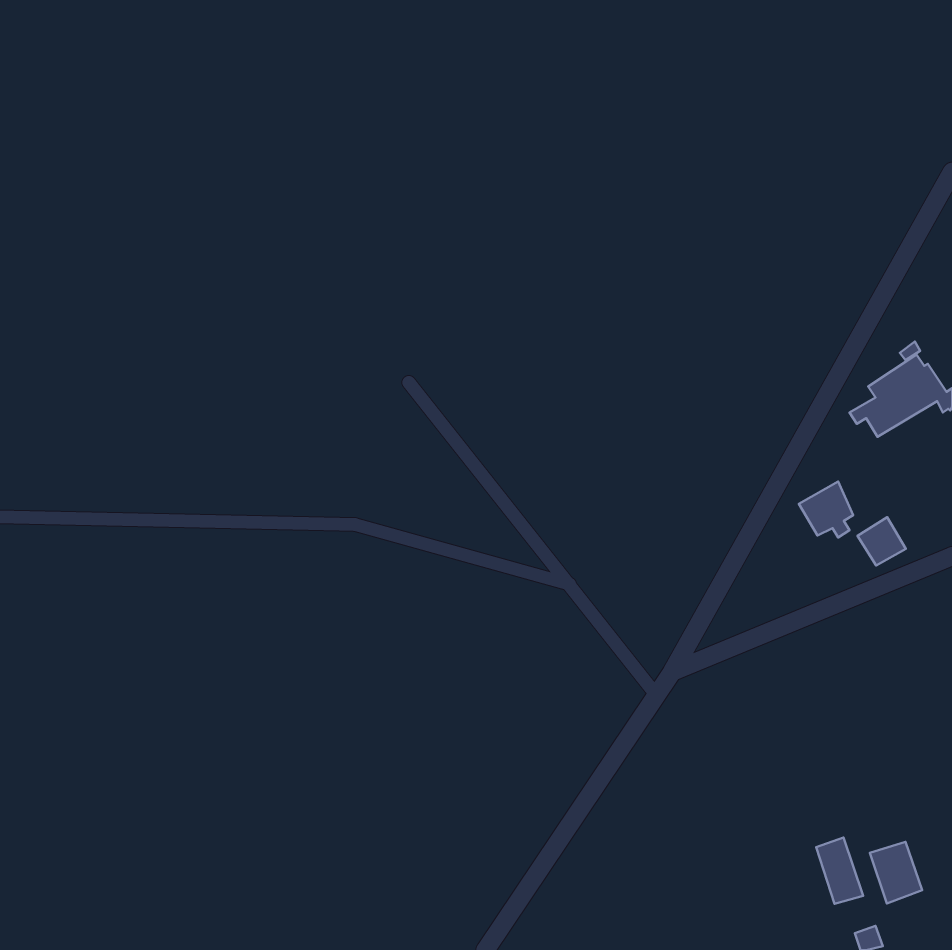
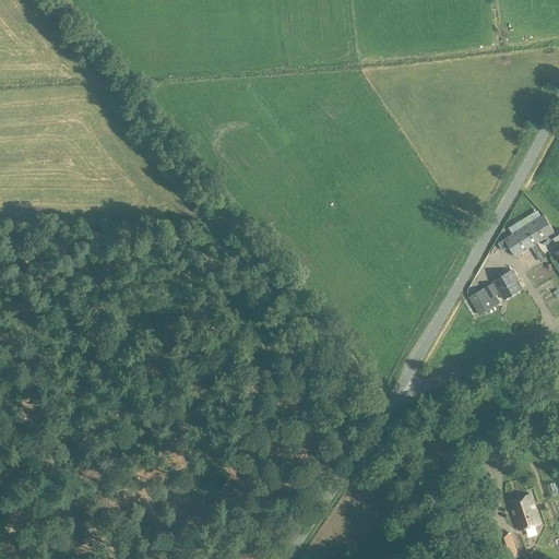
building: [857,517,906,566] -> [492,269,521,297]
building: [816,837,863,904] -> none

